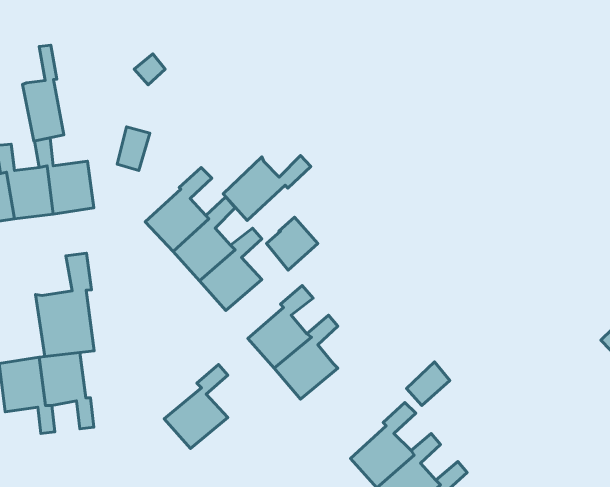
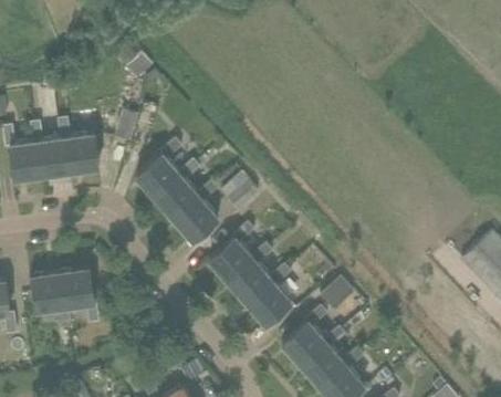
building: [23,45,64,141] -> none
building: [223,156,311,221] -> none
building: [35,253,94,357] -> none
building: [164,364,228,448] -> [246,264,291,324]

